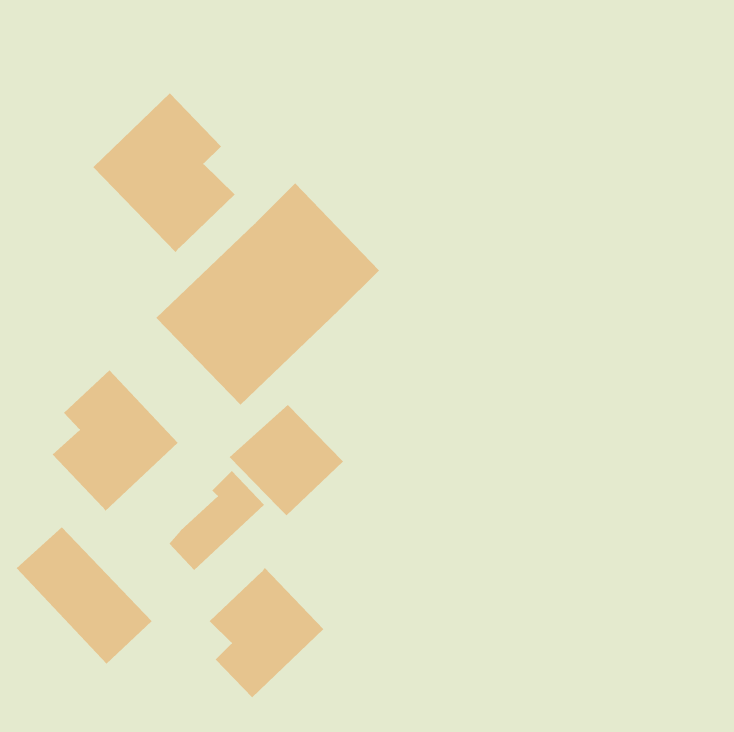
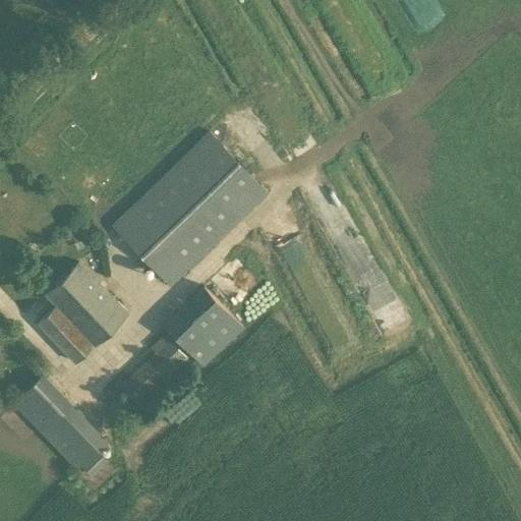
building: [93,93,235,253] -> none
building: [209,567,324,698] -> none

